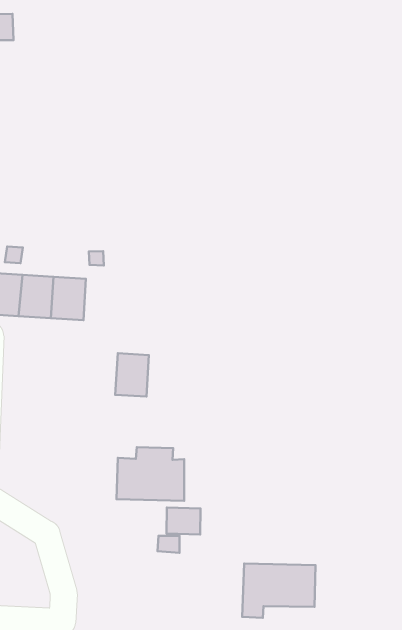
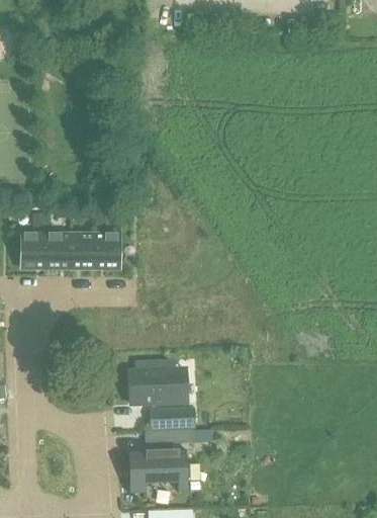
building: [115,353,149,397] -> [93,233,117,265]
building: [242,563,316,618] -> [125,447,182,491]

